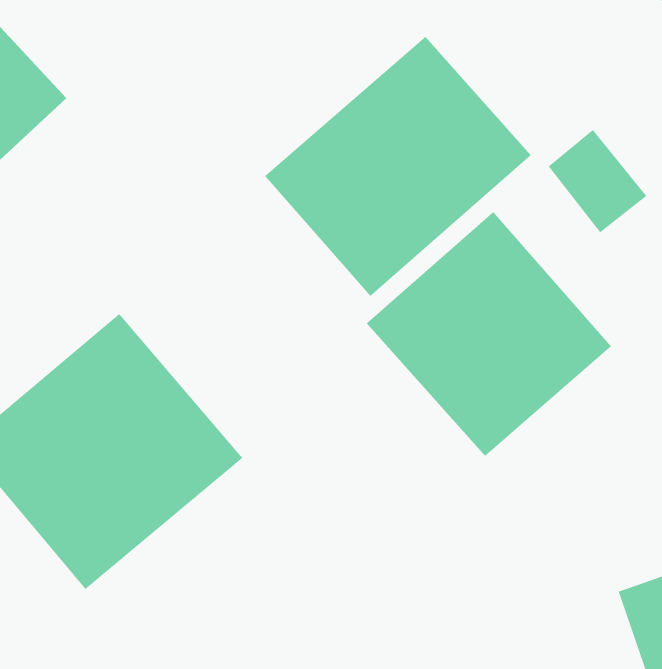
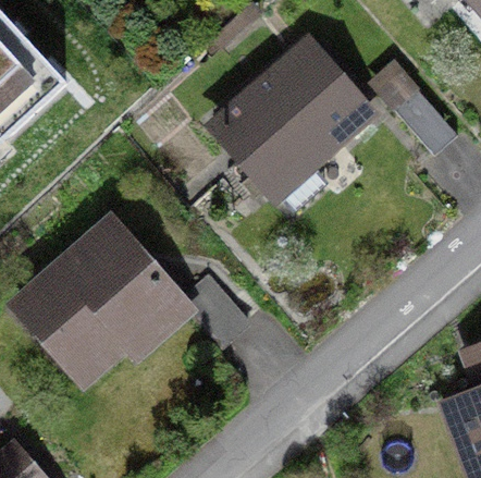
building: [366,211,612,457] -> none

